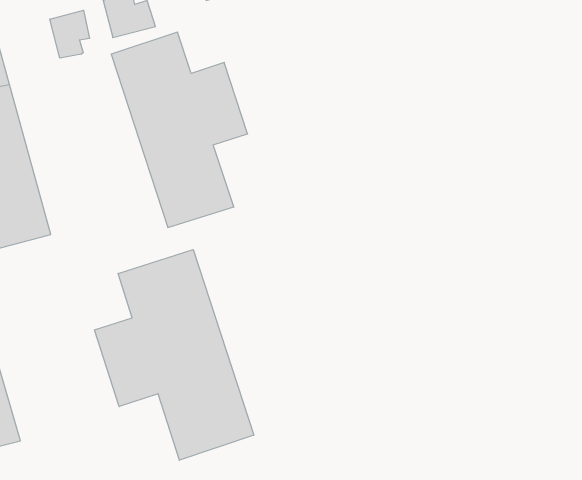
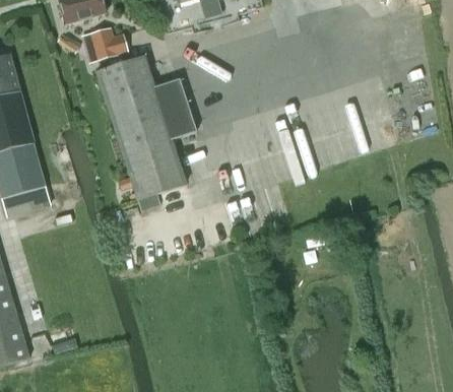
building: [50,10,90,58] -> none
building: [94,250,254,460] -> none

